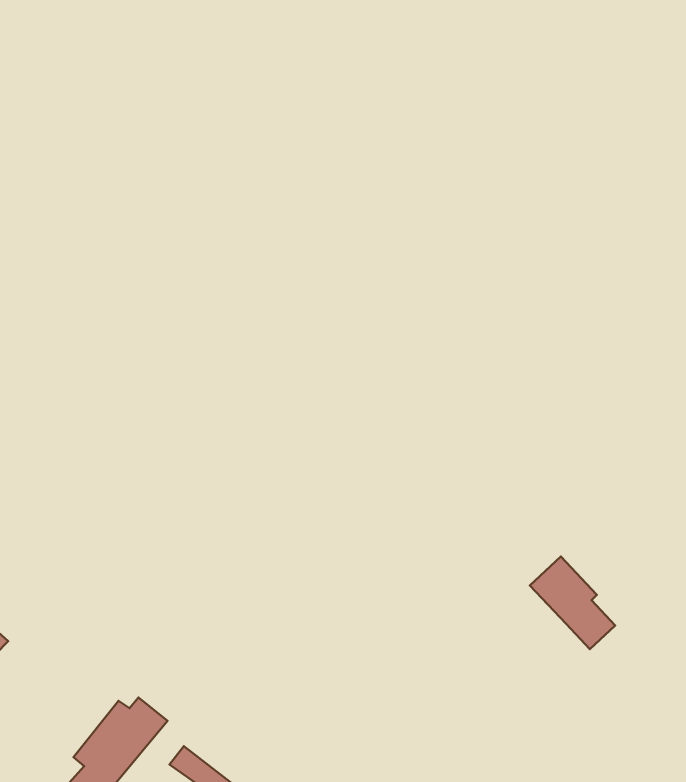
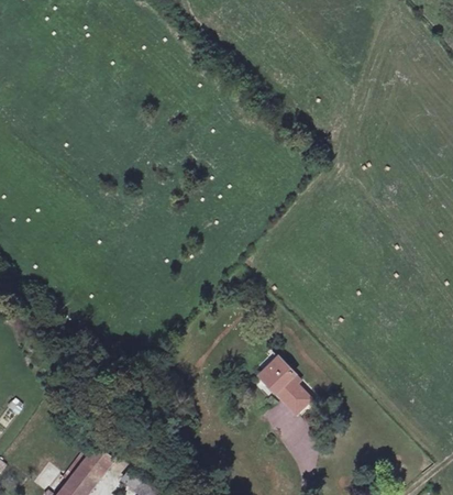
building: [530,557,615,649] -> [259,359,311,415]

